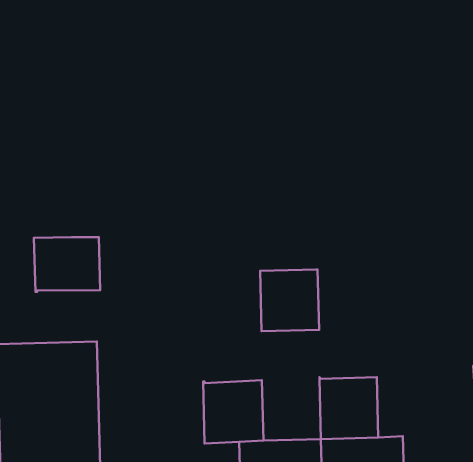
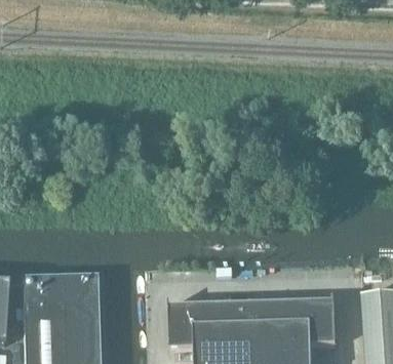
building: [34,237,100,292] -> none
building: [260,269,319,331] -> [210,300,252,345]
building: none -> [292,297,336,342]

